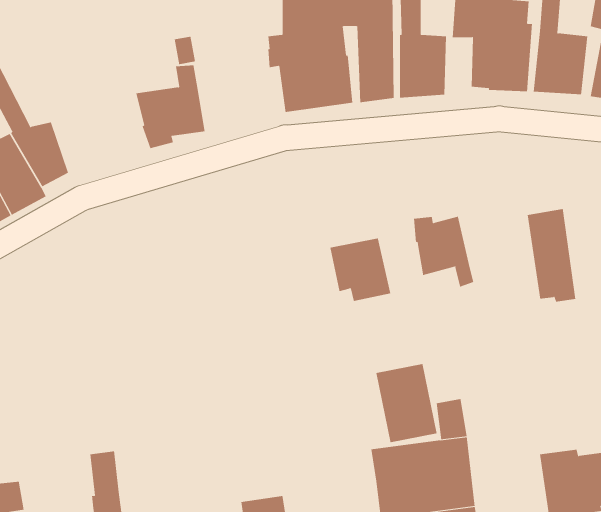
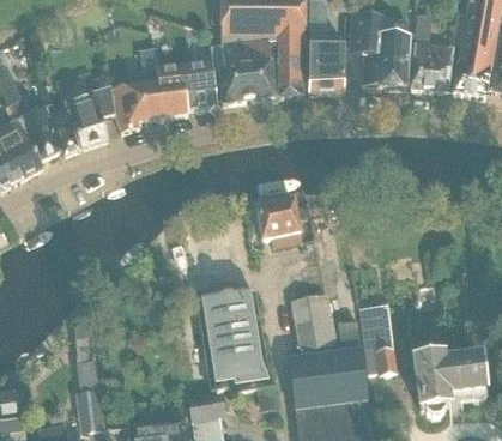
building: none -> [155,54,217,116]
building: none -> [46,84,116,153]
building: [527,208,576,302] -> [359,302,397,373]
building: [413,216,474,288] -> none
building: none -> [196,289,274,389]

